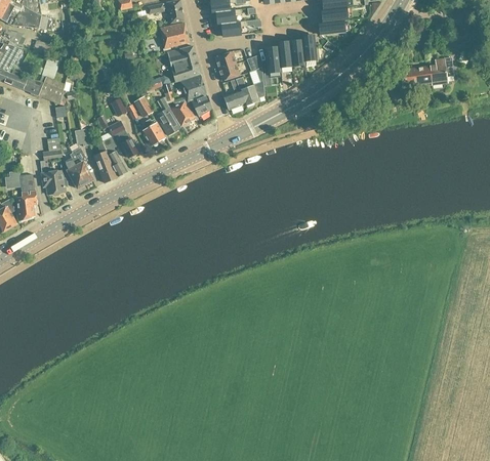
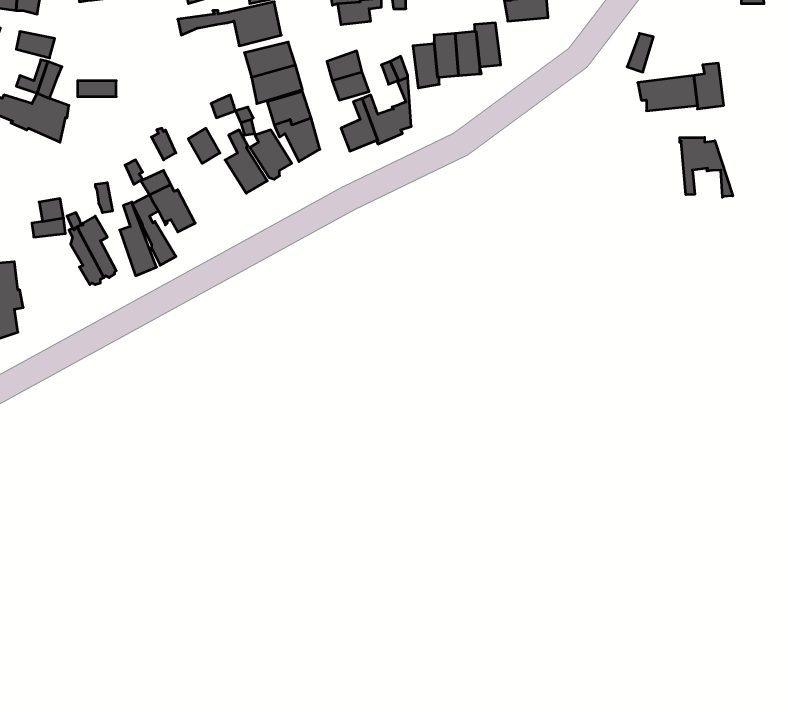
building: none -> [680,137,733,197]
building: [141,118,164,145] -> none
building: [41,170,68,194] -> none

